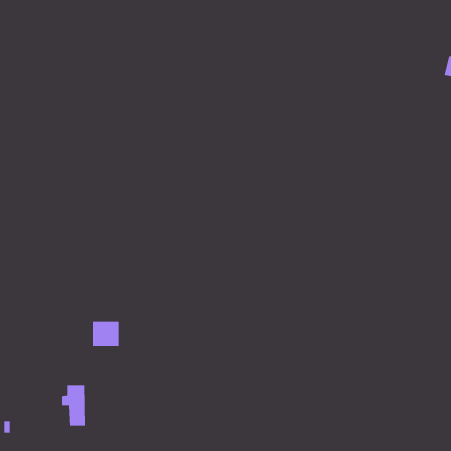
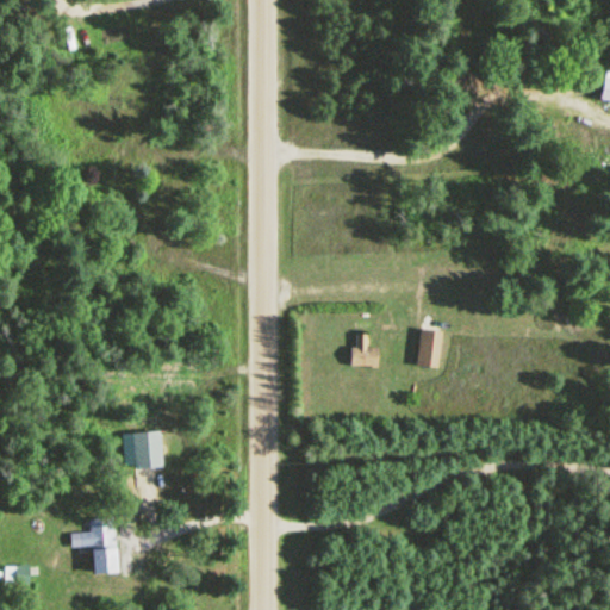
building: none -> [415,329,443,369]
building: none -> [353,335,373,367]

